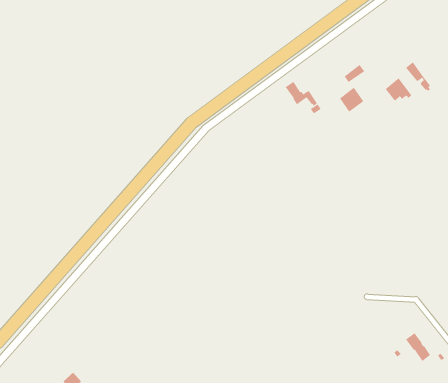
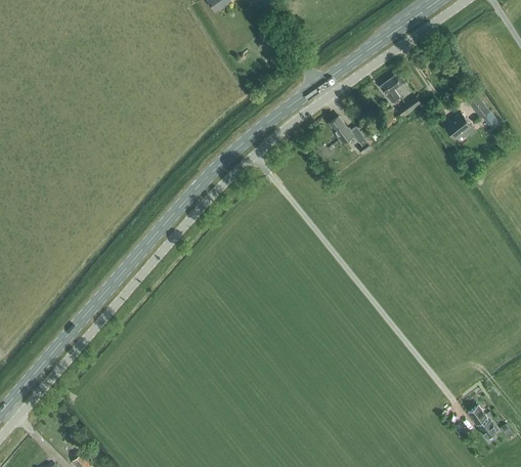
building: [339,87,364,113] -> [381,72,409,101]

